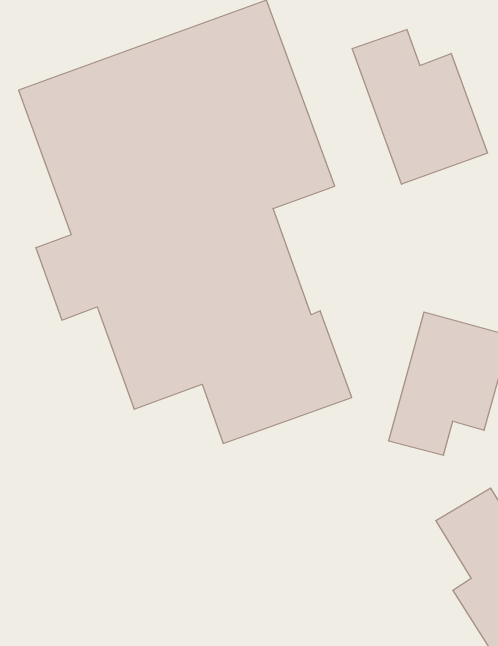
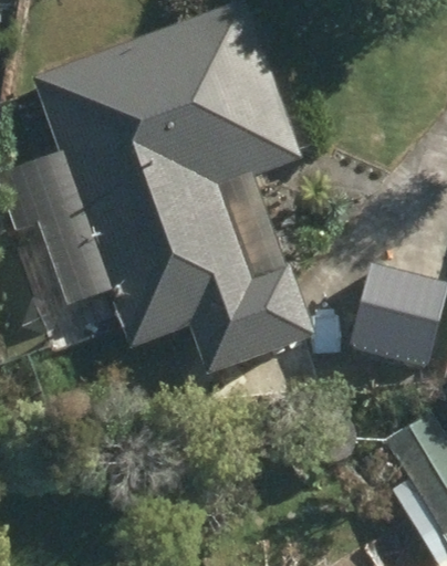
building: [352,29,488,184] -> none

